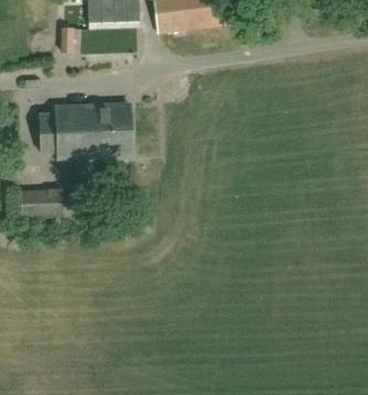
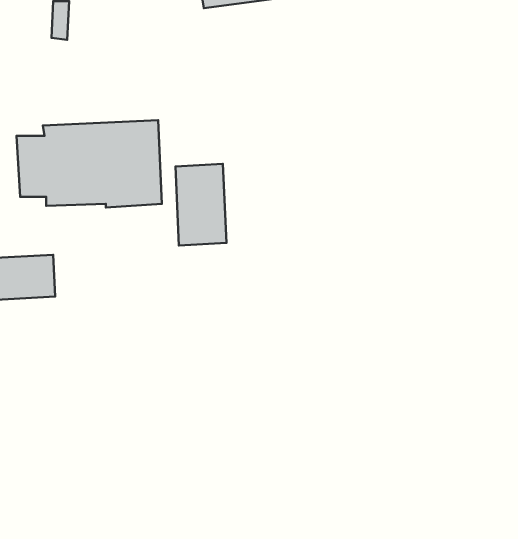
building: none -> [175,164,226,245]

